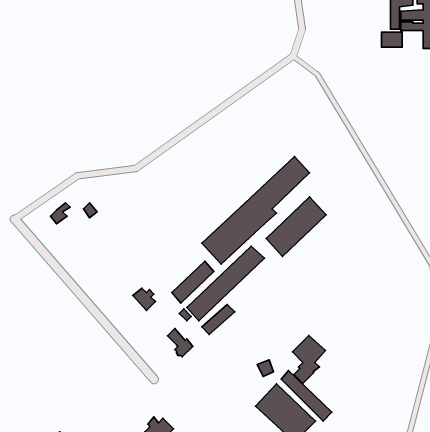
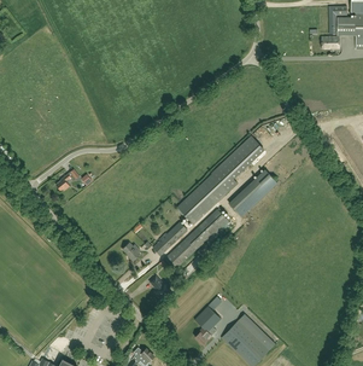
building: [293,336,325,383] -> [194,306,221,344]

